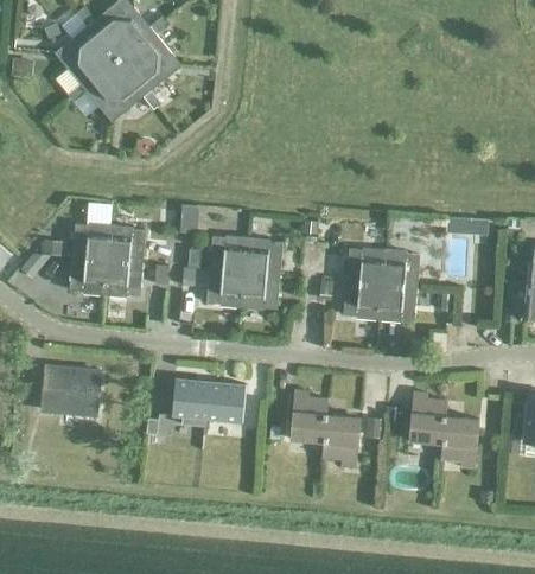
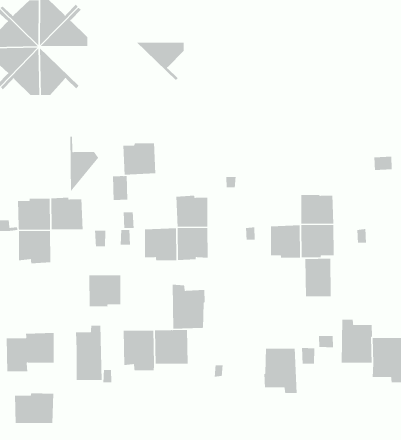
building: [116,58,170,106] -> [136,42,185,81]
building: none -> [70,136,99,193]
building: [209,235,247,272] -> [123,143,156,175]
building: [346,248,383,283] -> none
building: [103,260,142,298] -> [88,274,121,307]
building: none -> [305,258,332,297]
building: none -> [75,325,103,381]
building: [288,389,329,441] -> [172,284,205,330]
building: none -> [14,393,54,424]

